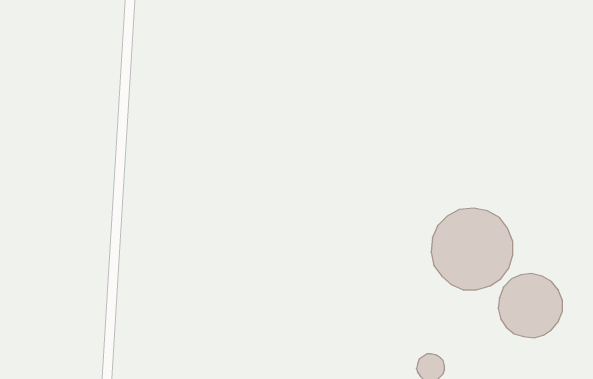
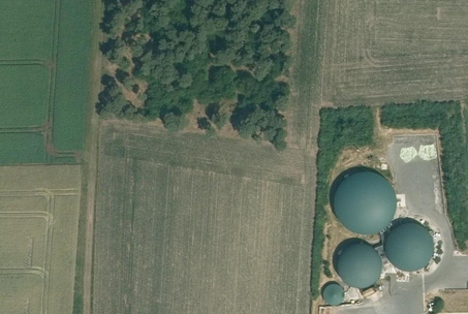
building: none -> [336,243,381,288]

